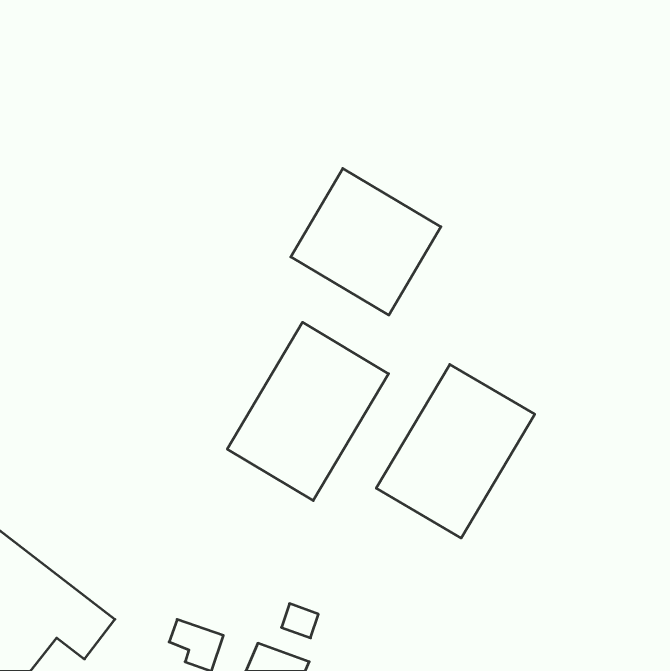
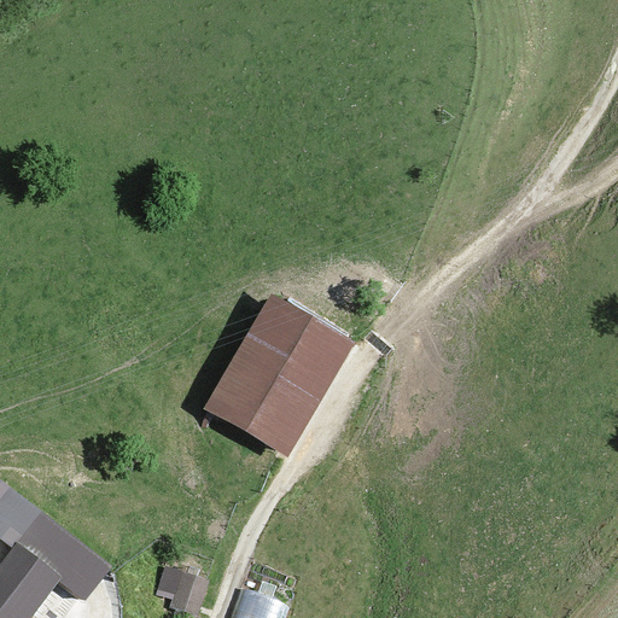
building: [291,168,441,315] -> none
building: [376,364,535,538] -> none

